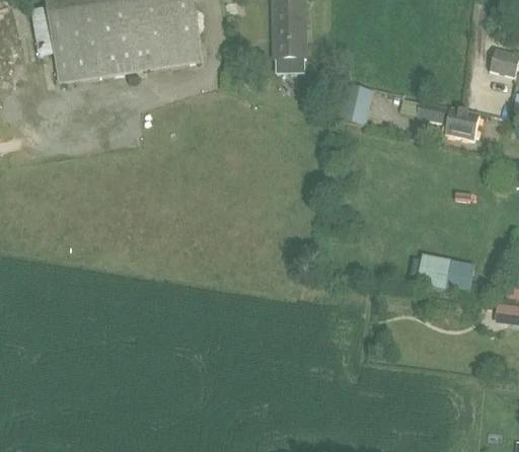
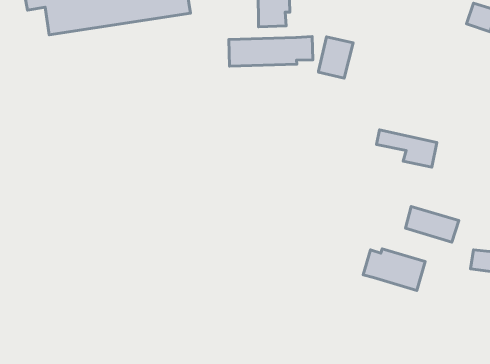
building: none -> [229,37,313,66]
building: [418,100,479,139] -> [377,130,437,167]
building: none -> [363,249,425,290]

